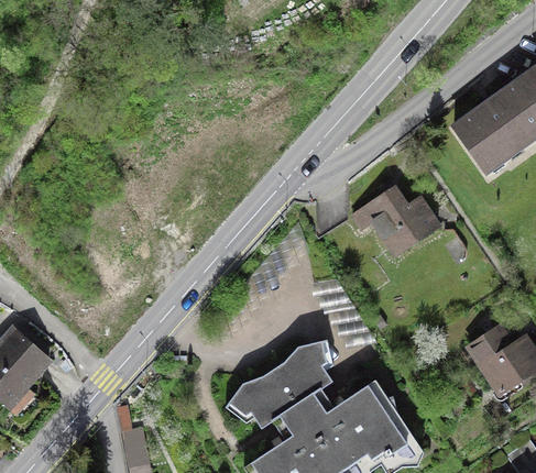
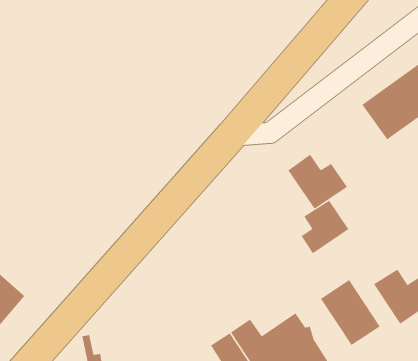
building: none -> [301,200,349,254]
building: none -> [320,279,381,346]
building: [232,342,332,428] -> none

